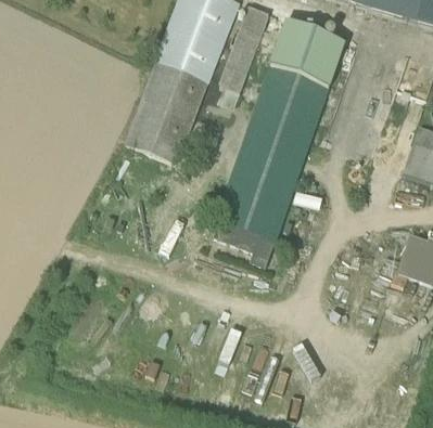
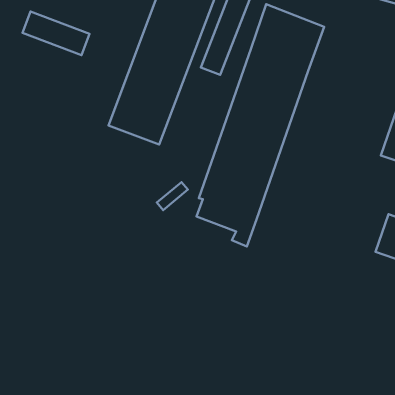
building: none -> [22,11,90,55]

